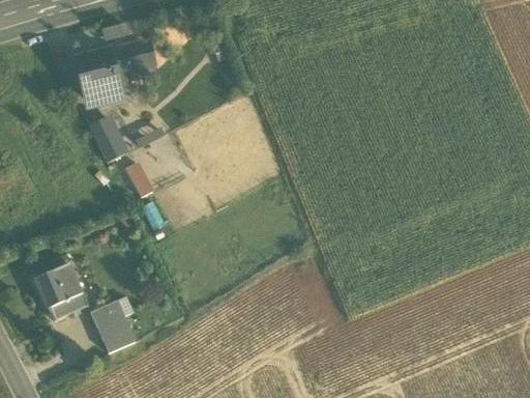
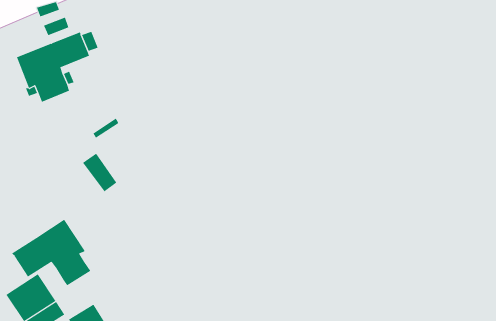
building: [90,120,125,163] -> none
building: none -> [11,219,91,286]

